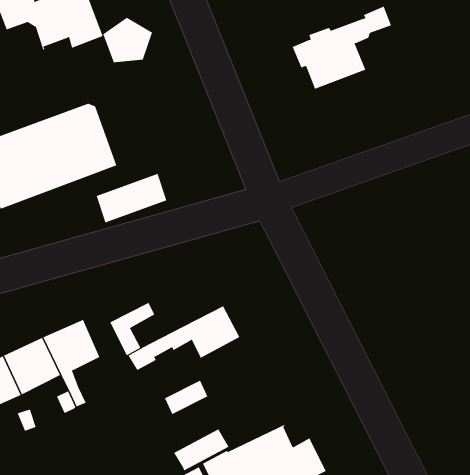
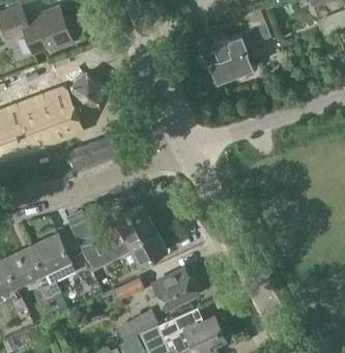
building: [103,17,153,63] -> [70,76,105,107]
building: none -> [115,204,154,241]
building: none -> [146,268,197,310]

